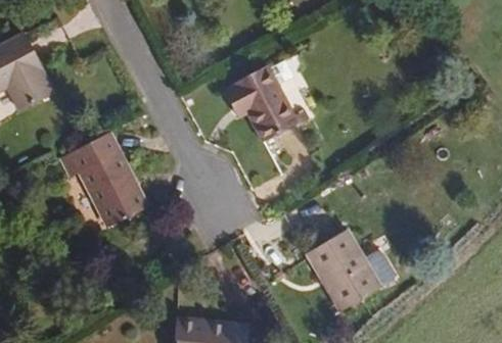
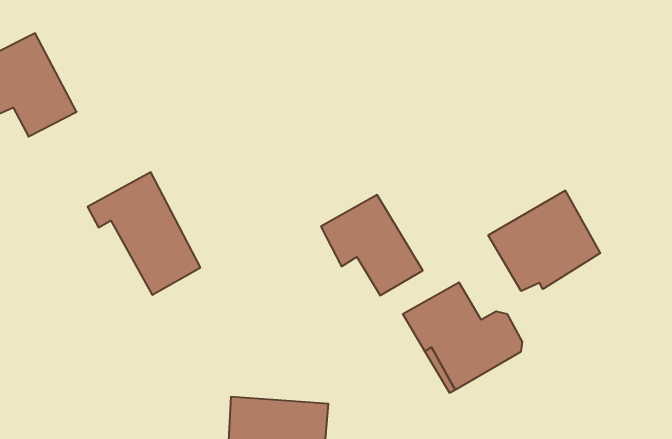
building: [228,71,304,146] -> [321,195,423,295]
building: none -> [488,190,600,291]

